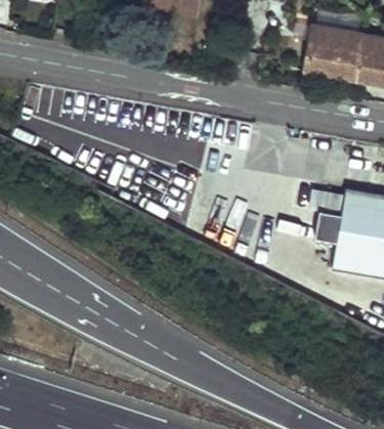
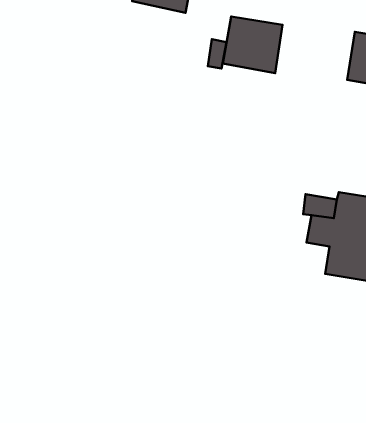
building: [302,25,360,80] -> [223,16,283,73]

